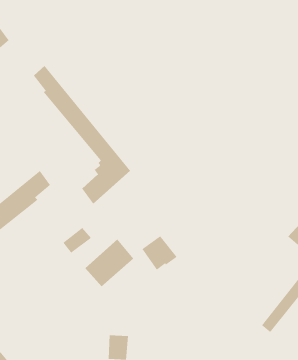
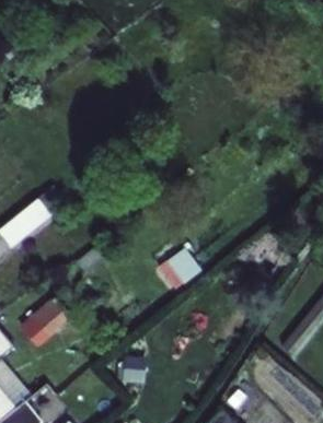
building: [33,65,131,204] -> none
building: [85,239,134,287] -> [20,296,71,346]

